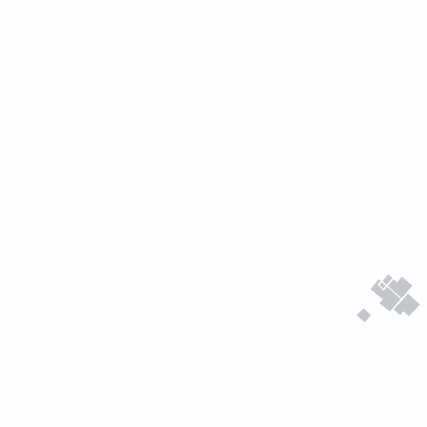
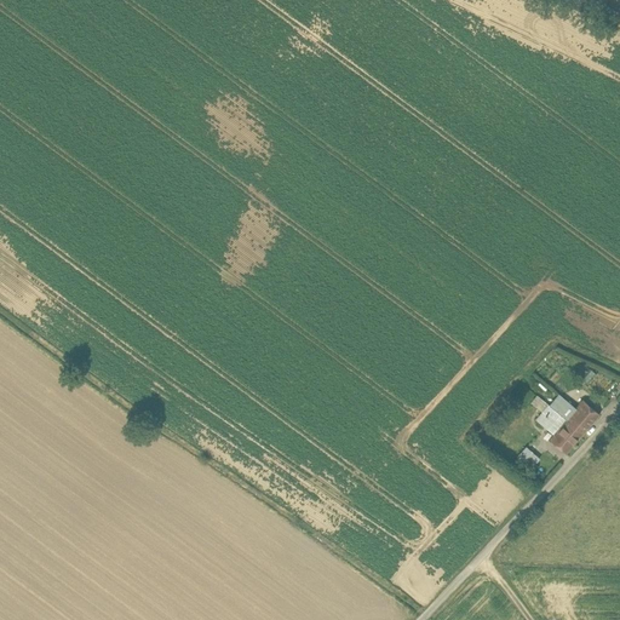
building: [393,293,421,317] -> none

